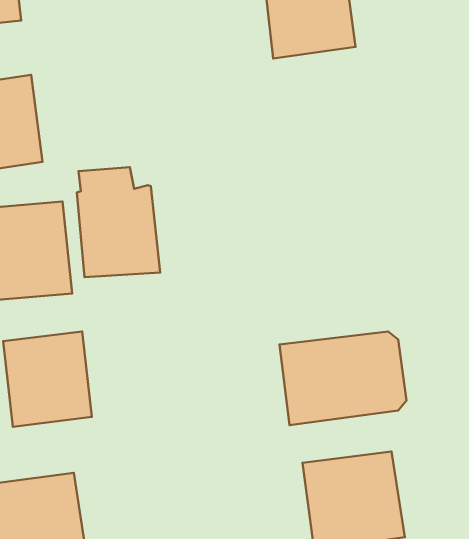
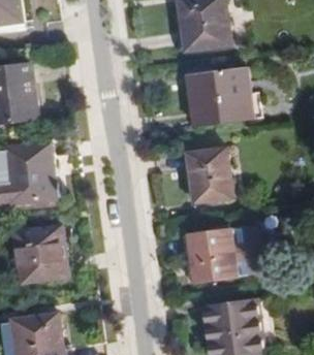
building: none -> [185,67,252,127]
building: [77,167,160,277] -> none
building: none -> [186,147,233,202]

